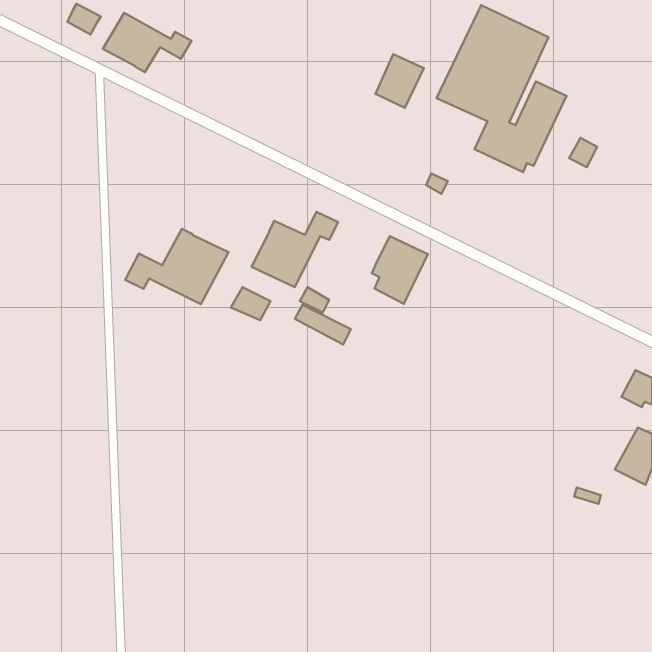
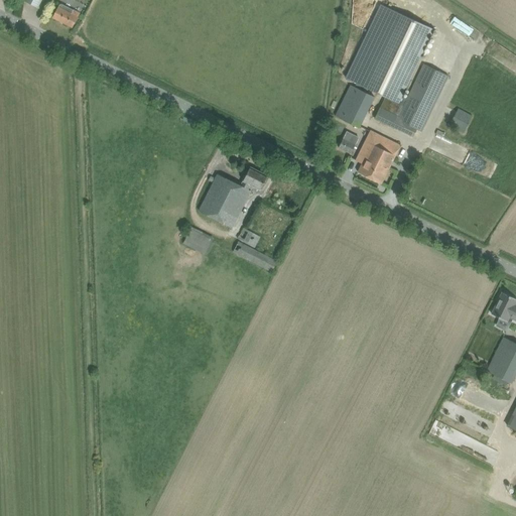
building: [103,13,192,72] -> none
building: [375,54,424,108] -> [336,86,374,128]
building: [125,229,228,304] -> none
building: [372,236,428,304] -> [356,131,400,184]

